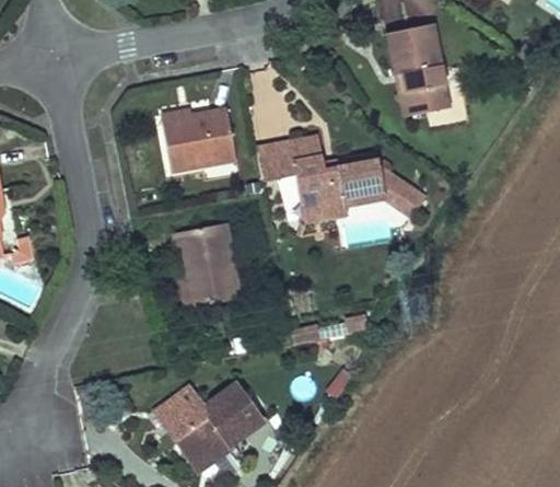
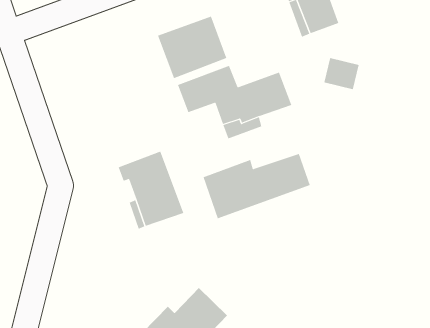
building: [161,107,236,172] -> [157,16,227,79]
building: [385,172,430,213] -> [323,58,360,90]
building: none -> [203,153,310,219]

